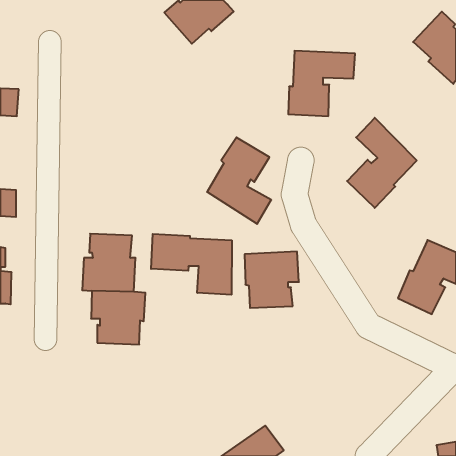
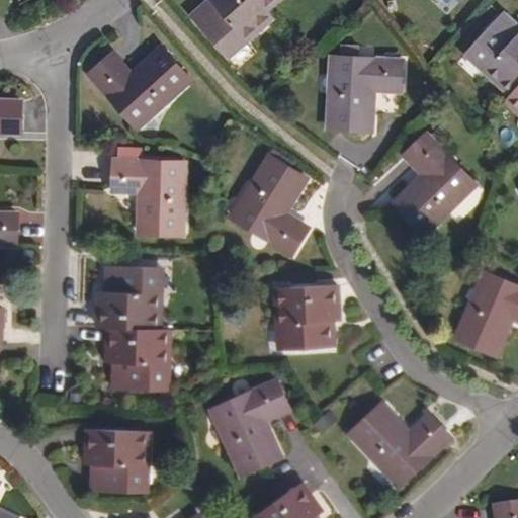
building: none -> [88,47,191,123]
building: none -> [111,159,184,236]
building: [151,234,232,295] -> none
building: none -> [214,380,289,478]
building: none -> [351,400,453,481]
building: none -> [86,429,147,493]

